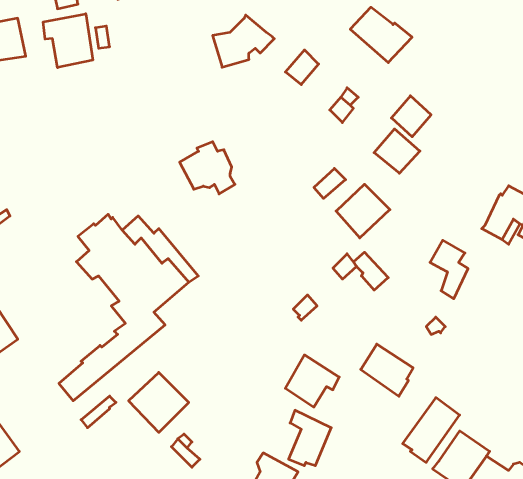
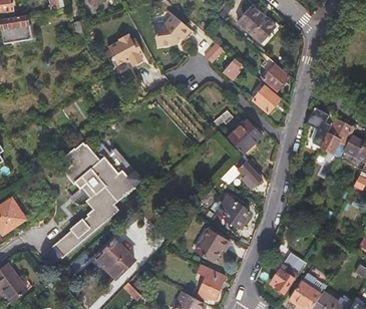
building: [43,14,93,68] -> none
building: [180,142,235,194] -> [108,33,143,66]
building: [430,240,468,299] -> [307,108,331,145]
building: [361,344,413,396] -> [216,196,249,229]

